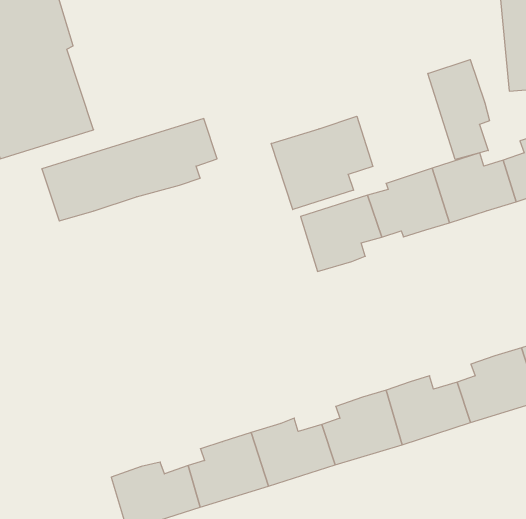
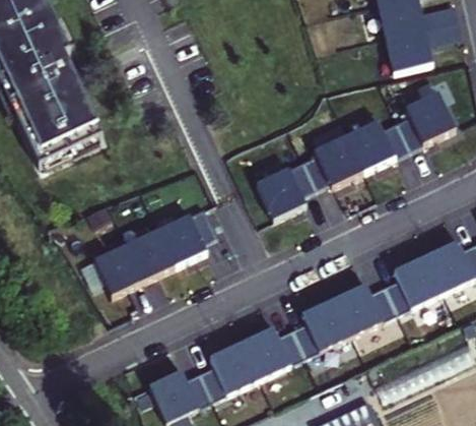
building: [428,60,490,159] -> none
building: [271,116,373,210] -> none
building: [42,119,217,221] -> [90,209,214,296]

